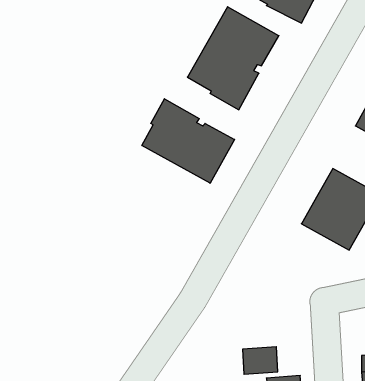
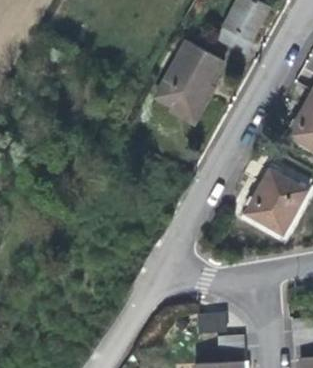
building: [142,99,235,183] -> none

